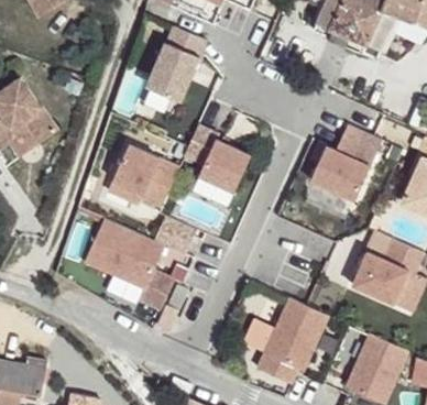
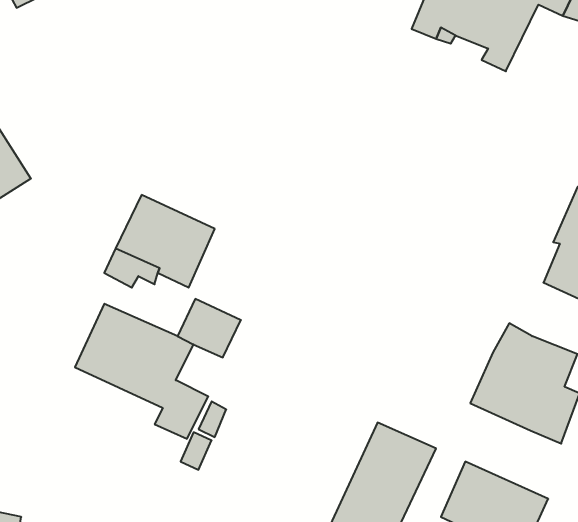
building: [146,26,207,101] -> none
building: [310,125,380,200] -> none
building: [198,139,250,191] -> none

